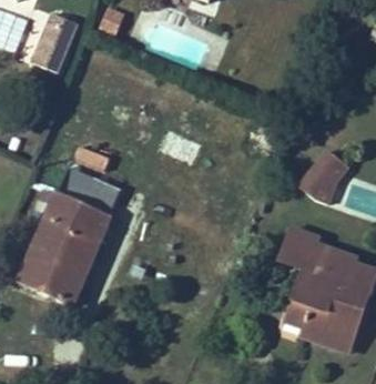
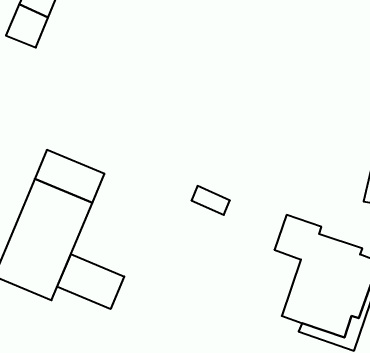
building: [298,150,348,203] -> none
building: none -> [57,254,124,309]

